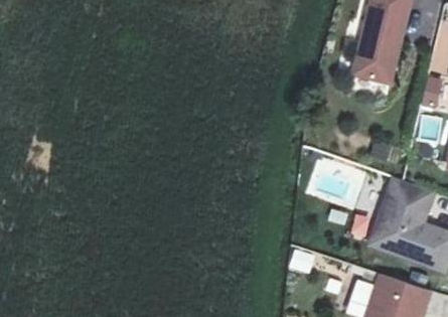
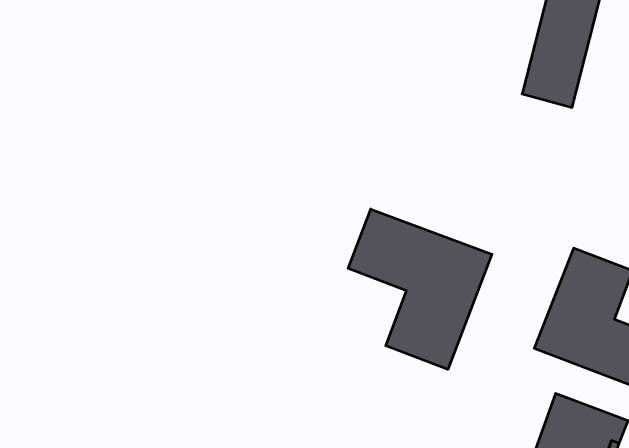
building: none -> [348,209,492,369]

